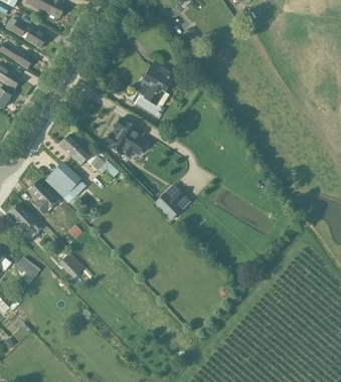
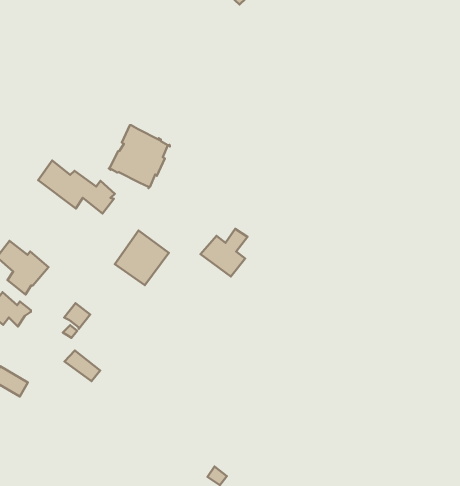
building: [136,59,176,106] -> none
building: [45,162,79,196] -> [115,230,169,285]

